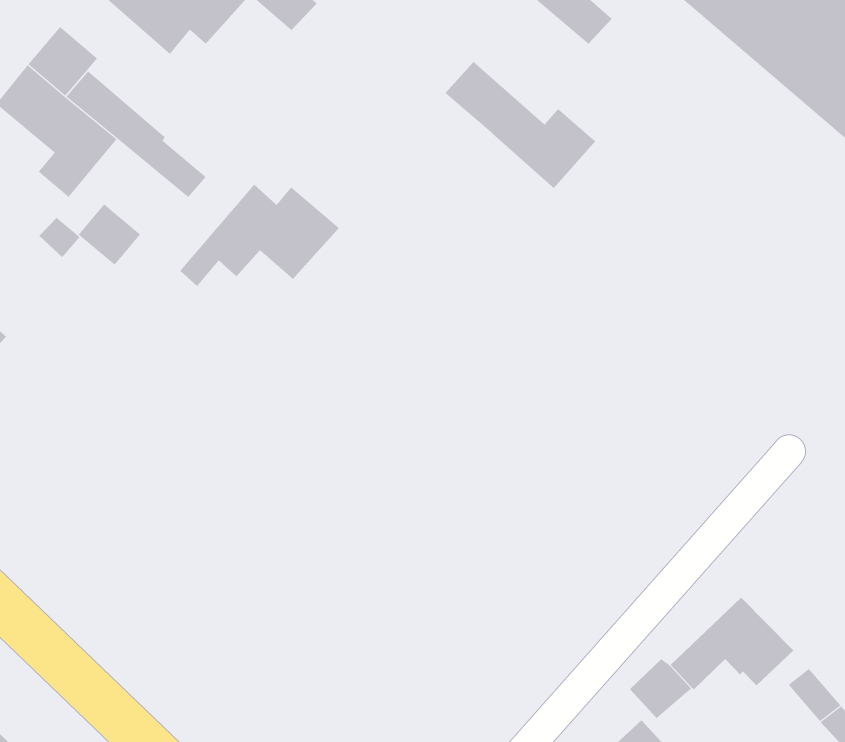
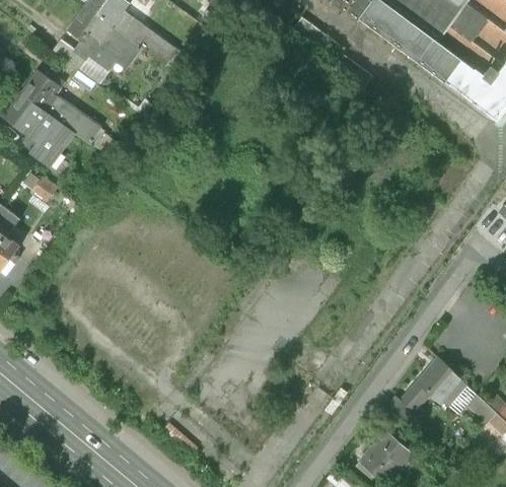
building: [445,61,596,189] -> none
building: [180,184,340,287] -> none
building: [78,204,141,266] -> none

